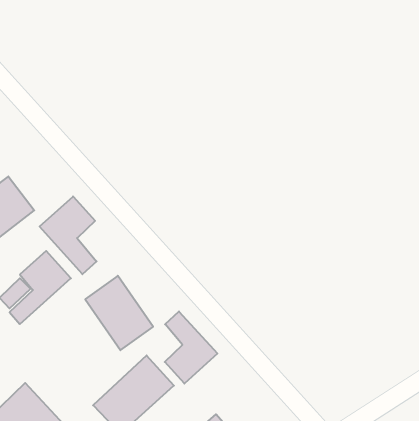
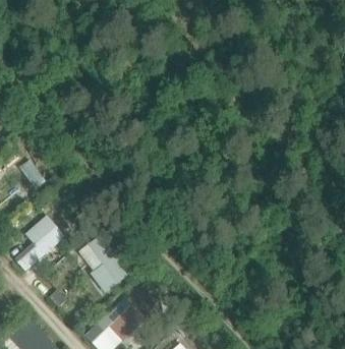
building: [40,196,97,274] -> none
building: [165,311,217,384] -> none

